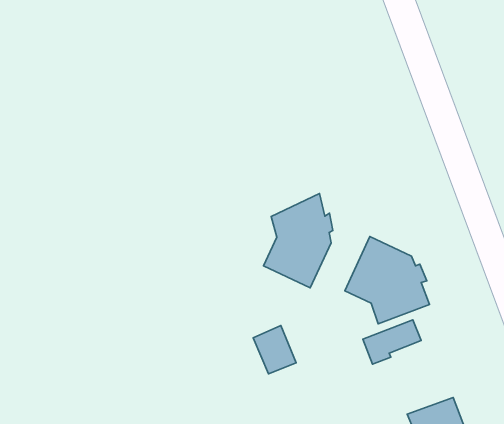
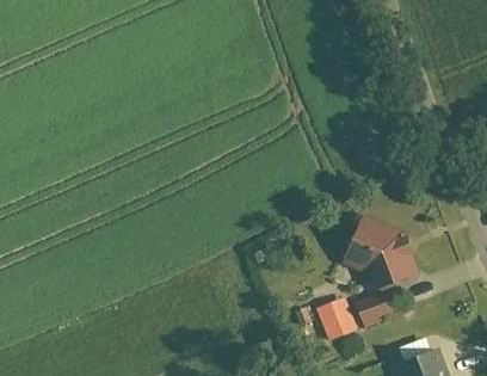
building: [264,193,333,288] -> none
building: [253,325,296,374] -> [319,296,356,338]

